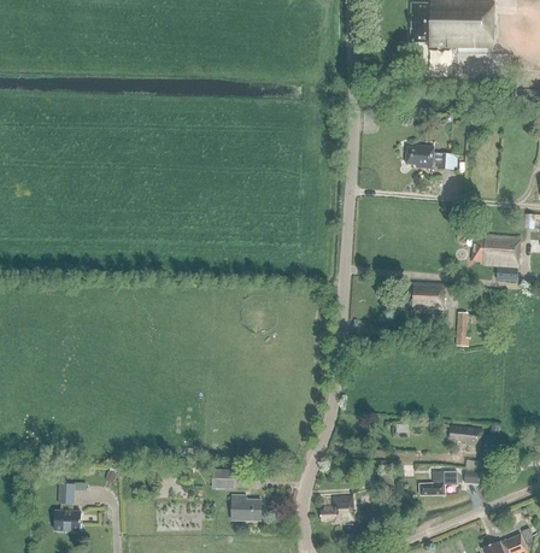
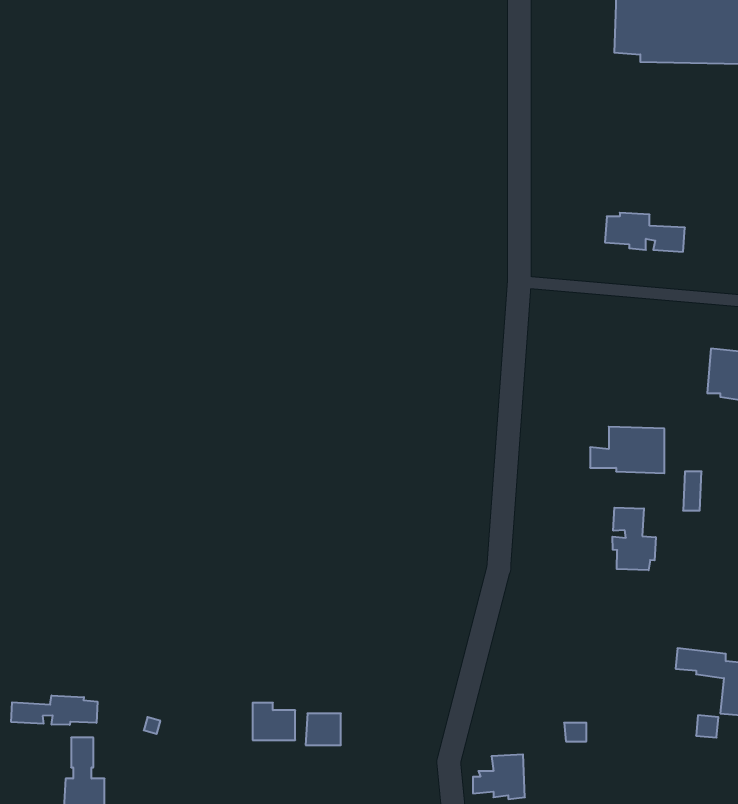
building: none -> [612,508,656,570]
building: none -> [11,695,97,725]
building: [419,470,457,494] -> none
building: [233,494,260,518] -> [253,703,295,740]

